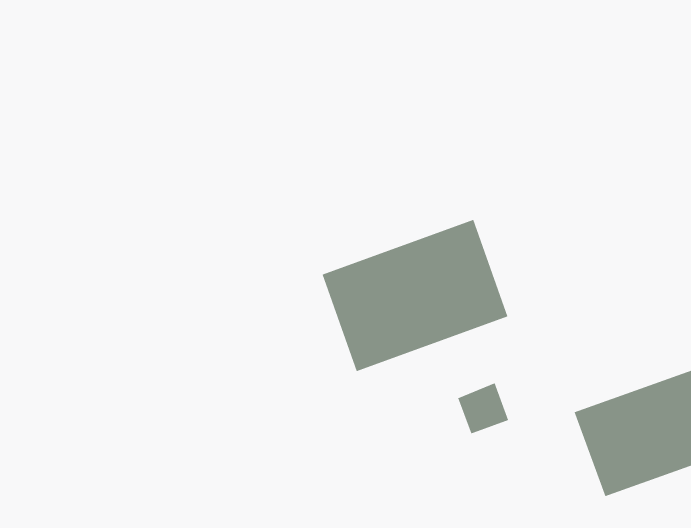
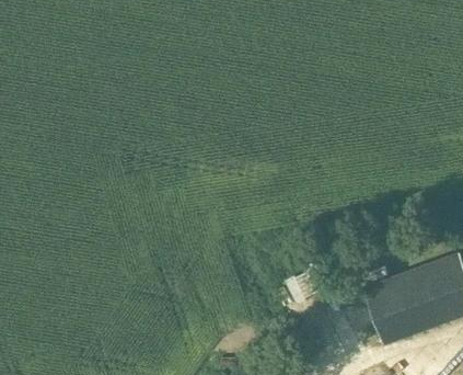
building: [321,219,508,372] -> none

